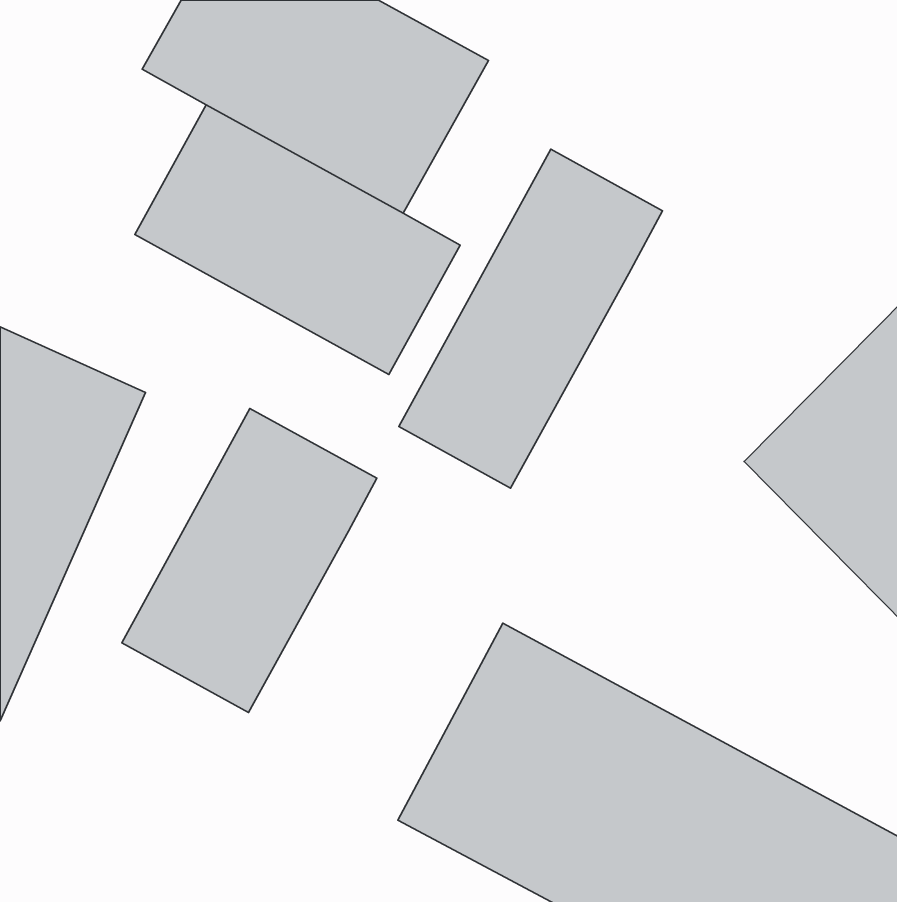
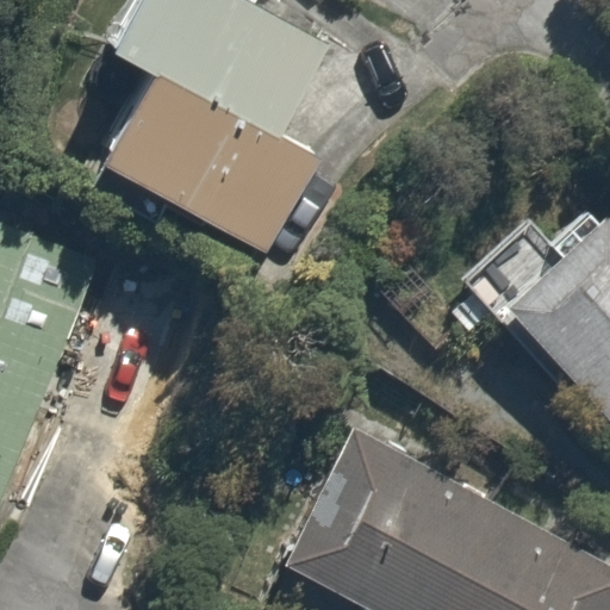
building: [399,149,662,488] -> none
building: [122,408,377,713] -> none

